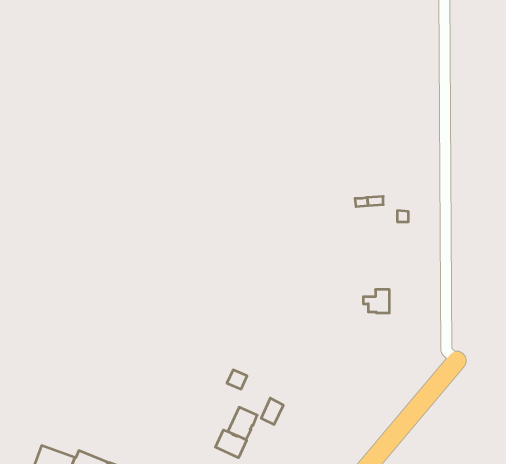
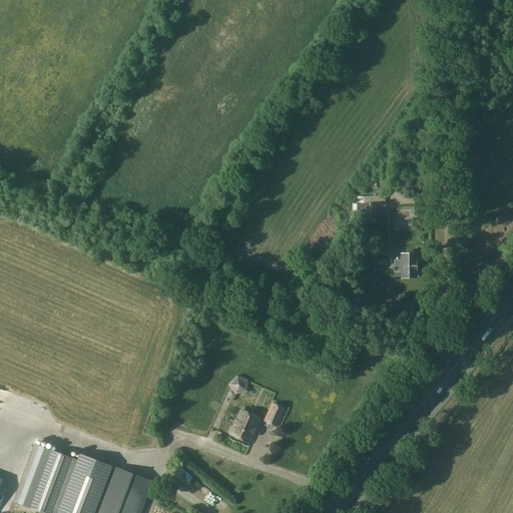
building: [363,290,389,313] -> [389,254,415,278]
building: [215,430,247,458] -> none

